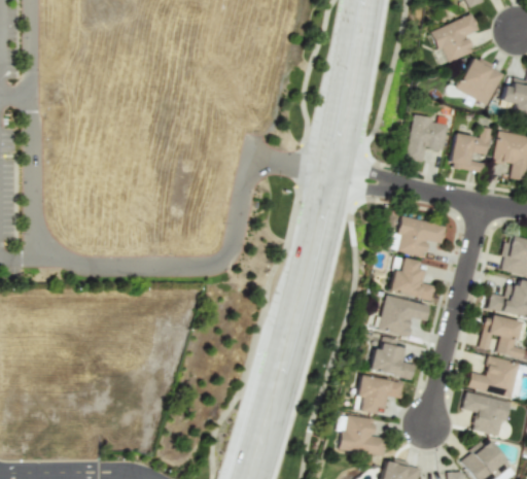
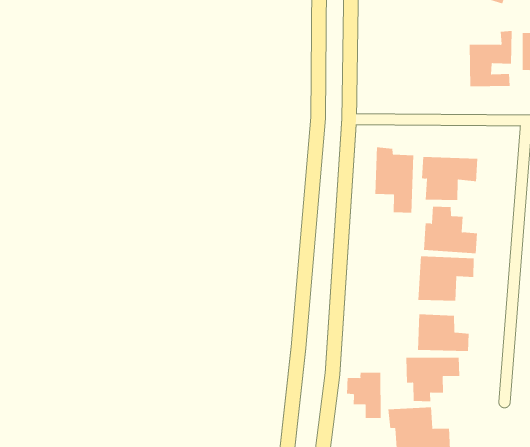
building: [406,114,449,161] -> none
building: none -> [375,147,414,214]
building: none -> [347,372,381,419]

